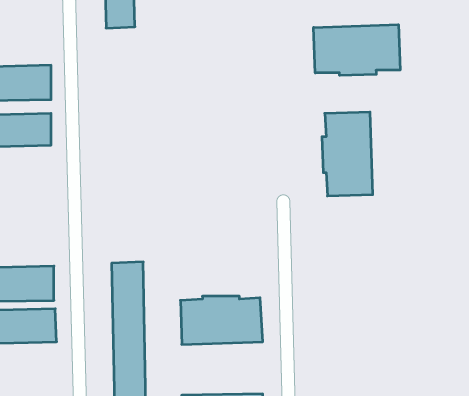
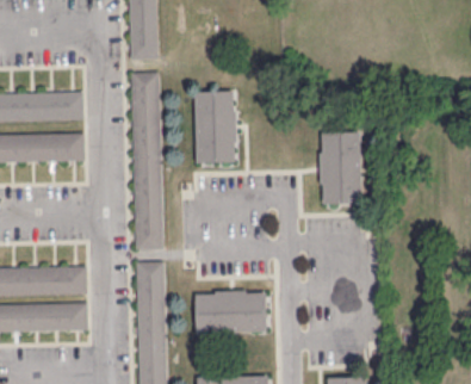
building: [314,25,400,75] -> none
building: none -> [131,73,162,249]
building: none -> [194,92,235,162]

